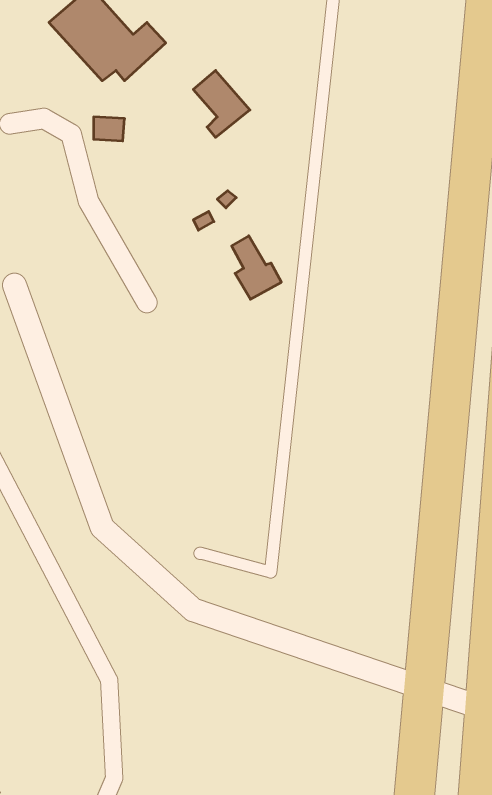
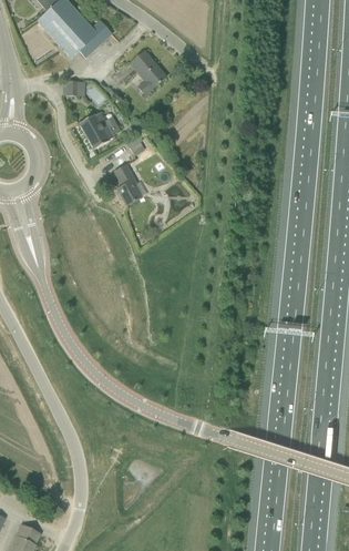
building: none -> [79,112,120,150]
building: [232,236,281,299] -> [114,164,146,205]

